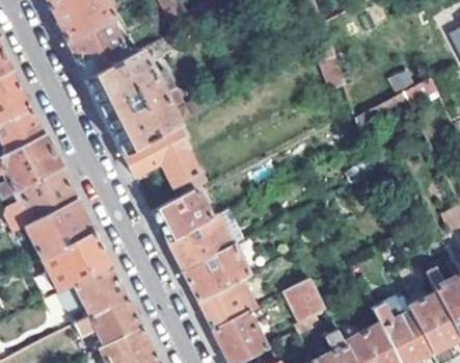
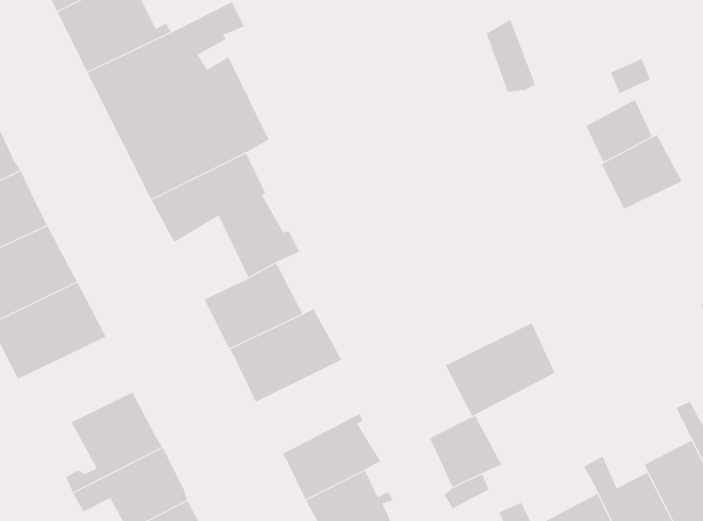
building: none -> [601,134,683,210]
building: [44,232,111,289] -> none
building: [183,245,247,301] -> [445,323,555,417]

